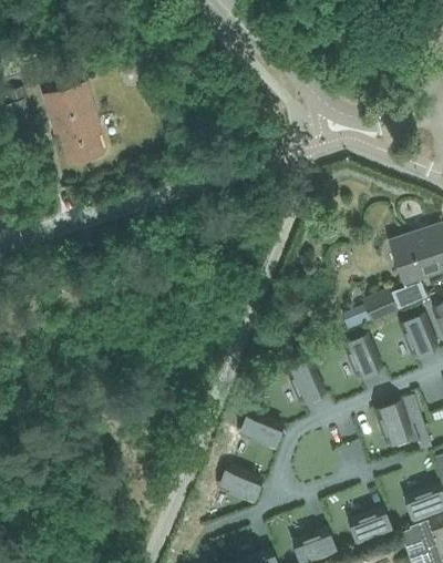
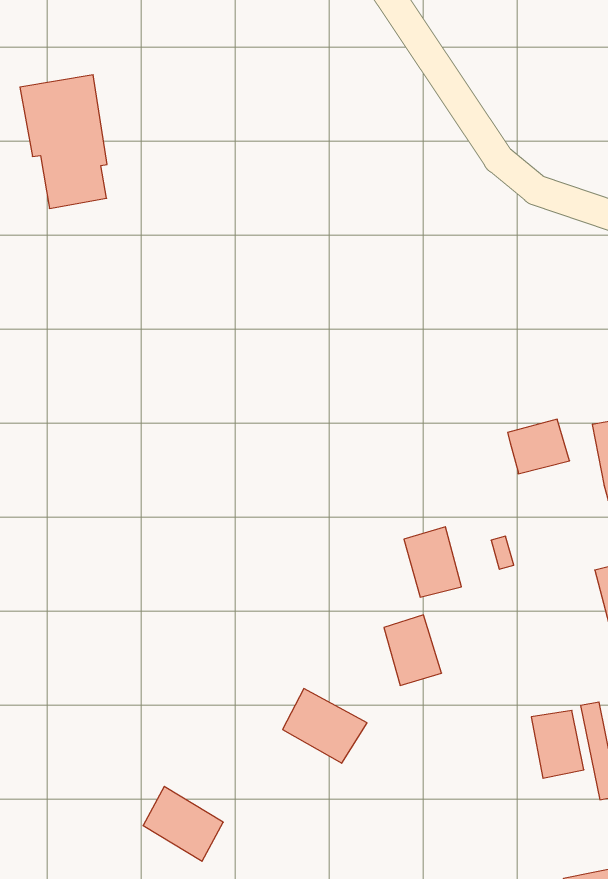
building: [362,288,399,321] -> [508,419,570,474]
building: [344,336,380,377] -> [404,527,461,597]
building: [219,464,264,503] -> [143,786,223,861]

